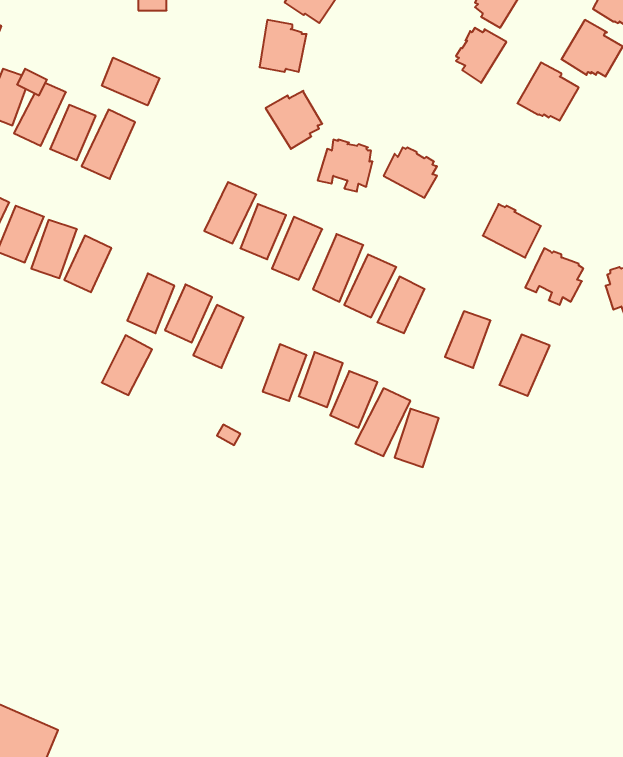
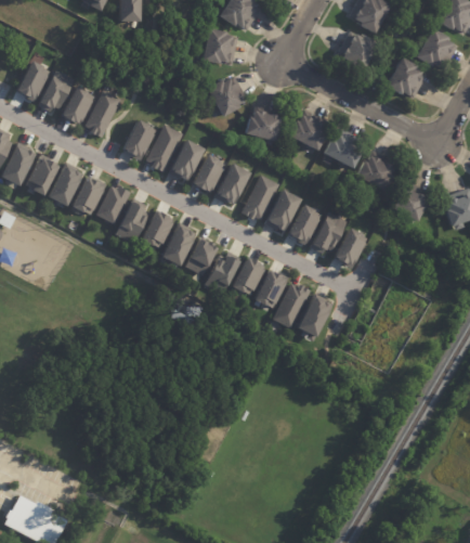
building: [102,58,160,105] -> none
building: none -> [123,119,154,158]
building: none -> [146,124,181,171]
building: none -> [327,132,367,168]
building: none -> [184,237,217,274]
building: [499,335,550,396] -> [311,211,345,254]
building: [102,335,152,395] -> [95,182,130,223]

